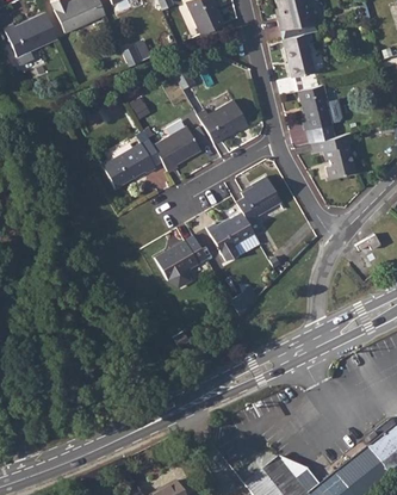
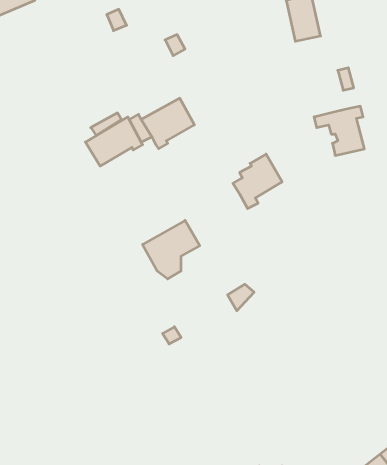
building: [299,83,334,143] -> none
building: [198,100,248,143] -> none
building: [206,212,254,261] -> none

